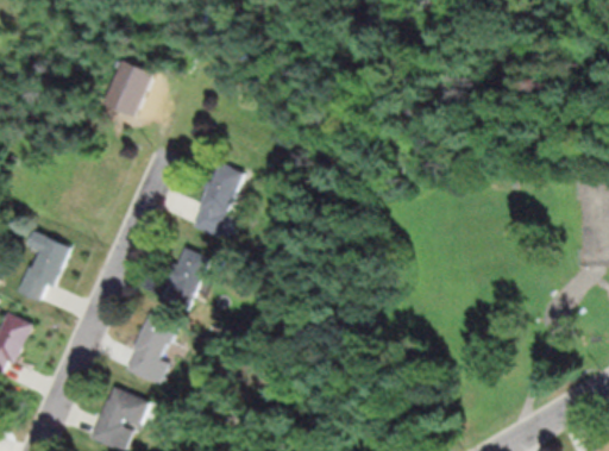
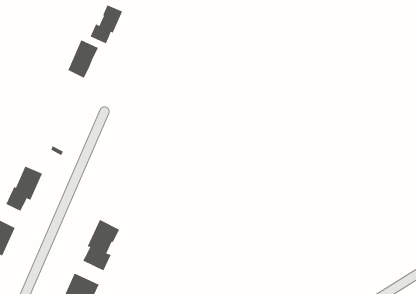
building: none -> [90,5,123,44]
building: [192,161,243,237] -> none
building: [163,246,209,313] -> none

